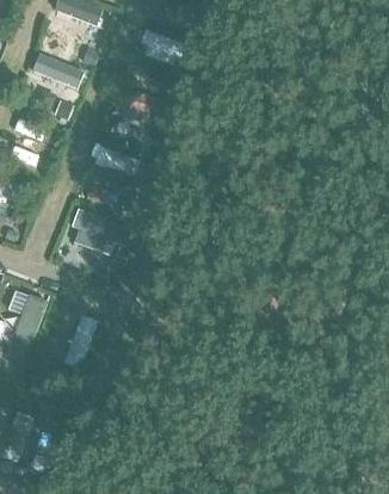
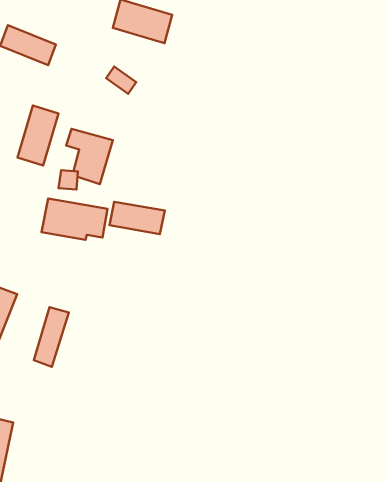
building: none -> [17,105,58,166]
building: none -> [110,202,165,234]

